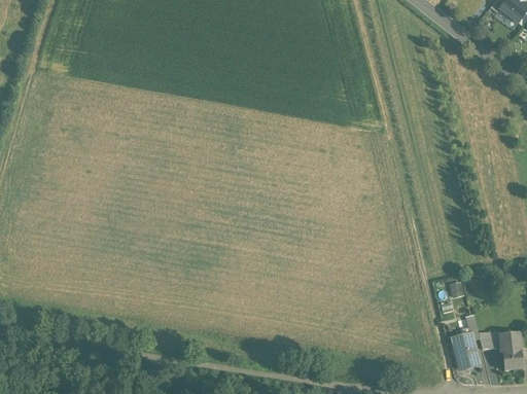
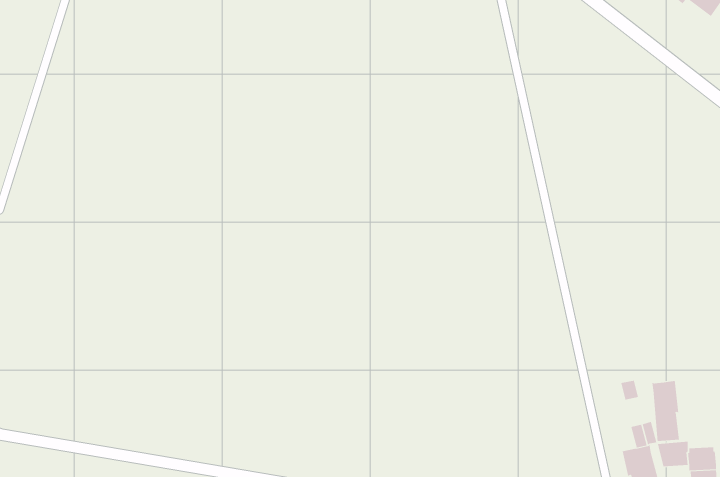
building: none -> [652,380,679,442]

